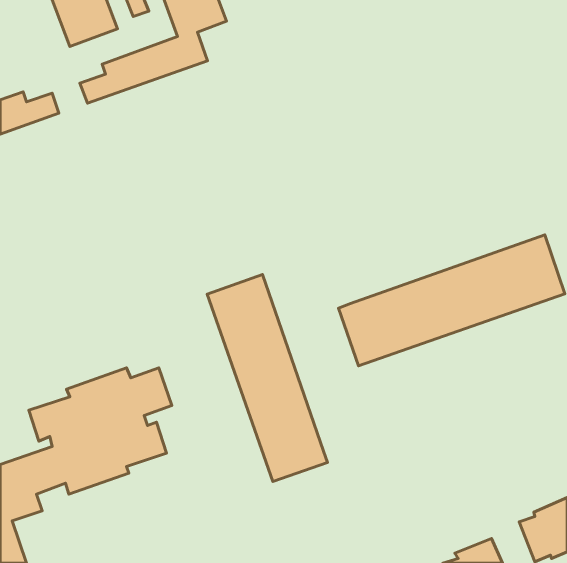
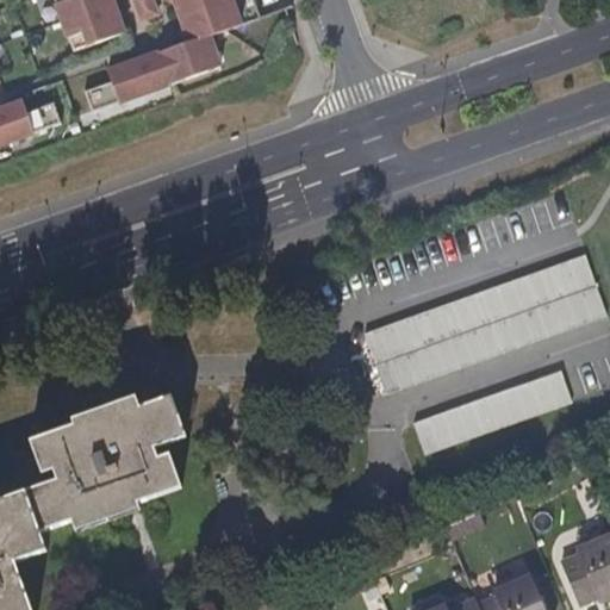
building: [207,274,327,482] -> none
building: none -> [412,369,571,454]

